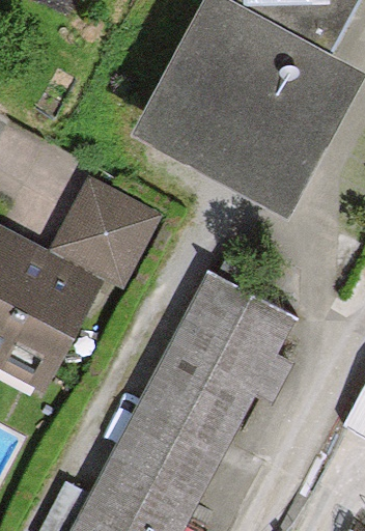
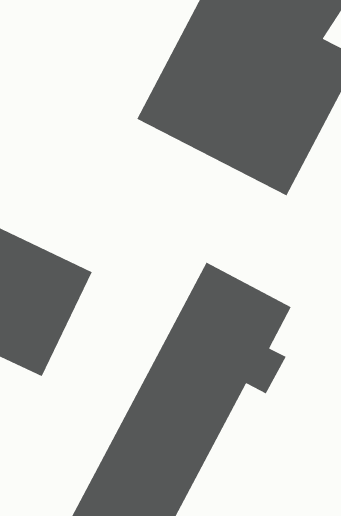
building: [53,183,157,285] -> none

